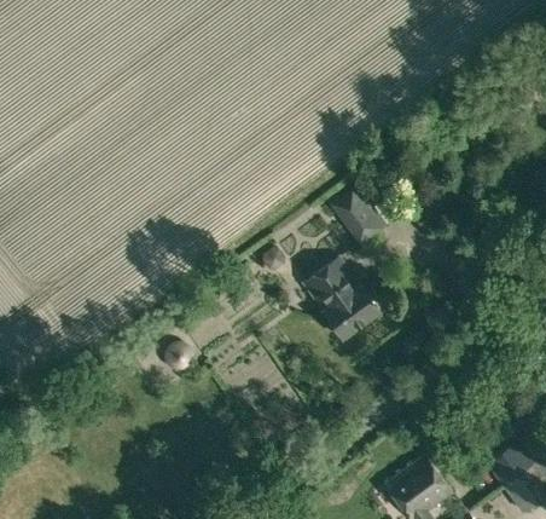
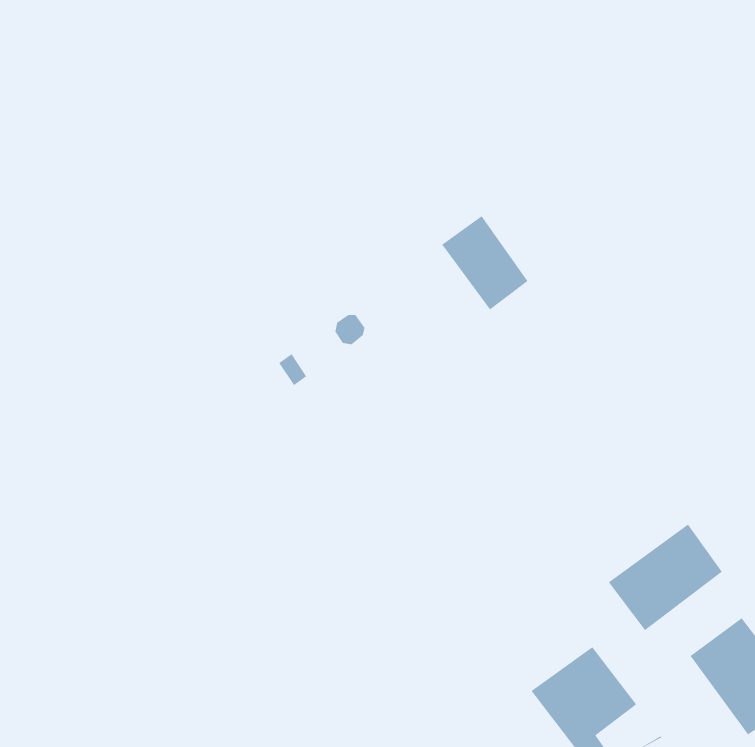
building: [303,256,379,338] -> none
building: none -> [608,523,723,631]

